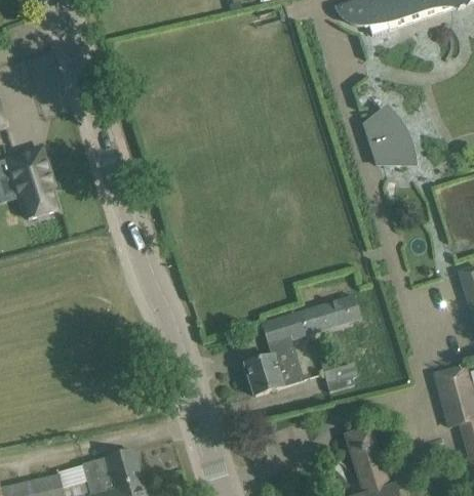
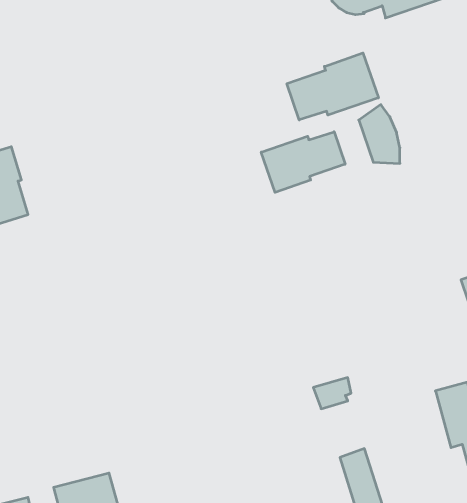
building: none -> [287,53,378,120]
building: none -> [261,132,345,192]
building: [245,296,361,396] -> none

